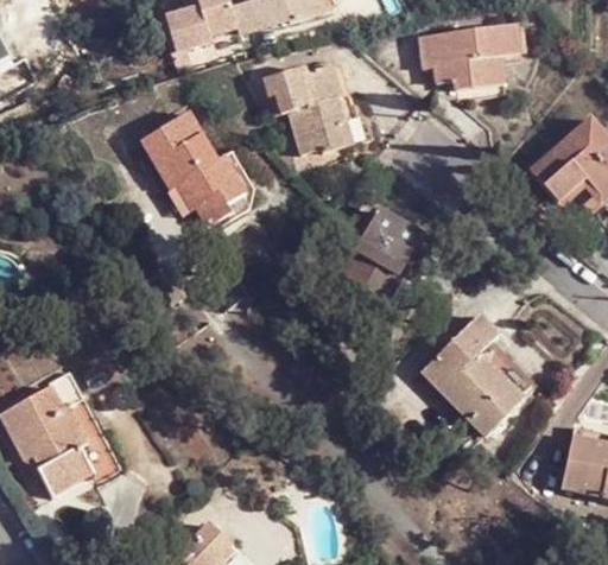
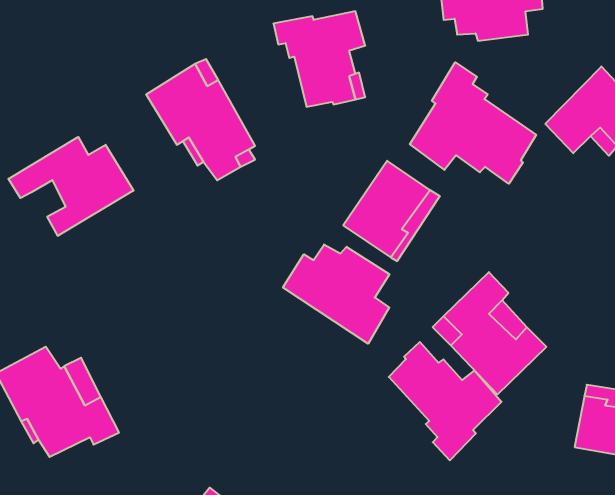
building: none -> [410,62,536,184]
building: none -> [8,137,134,236]
building: none -> [283,244,389,344]
building: none -> [389,342,502,460]

